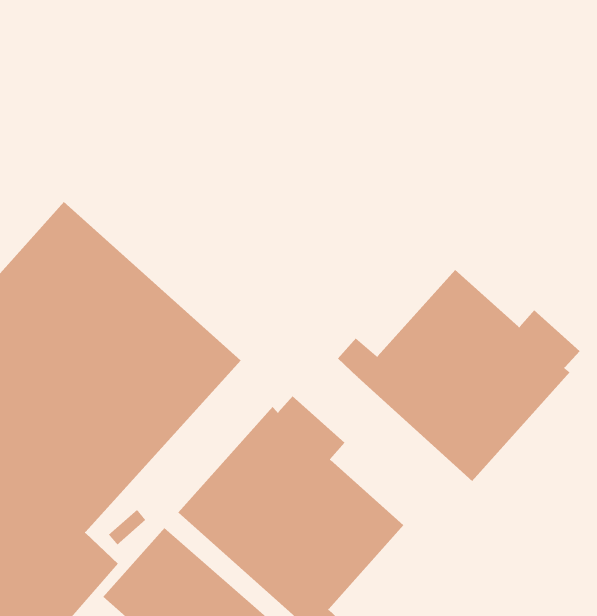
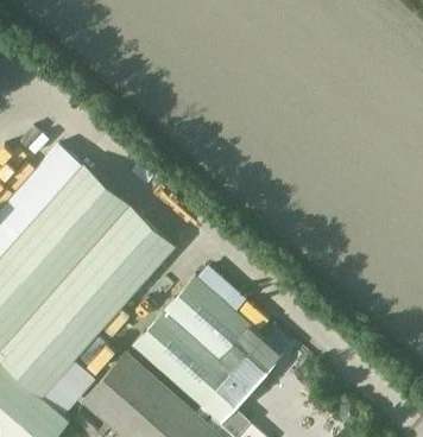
building: [337,269,581,482] -> none

